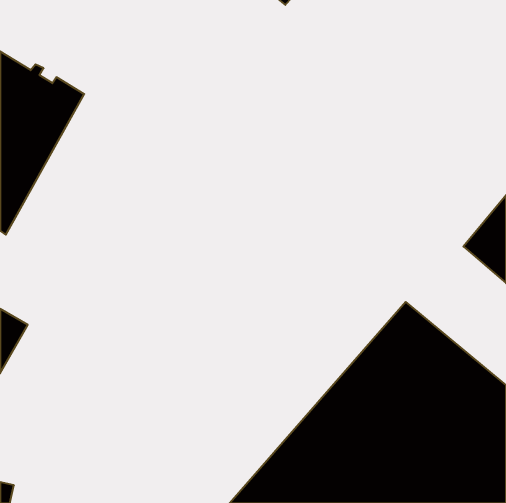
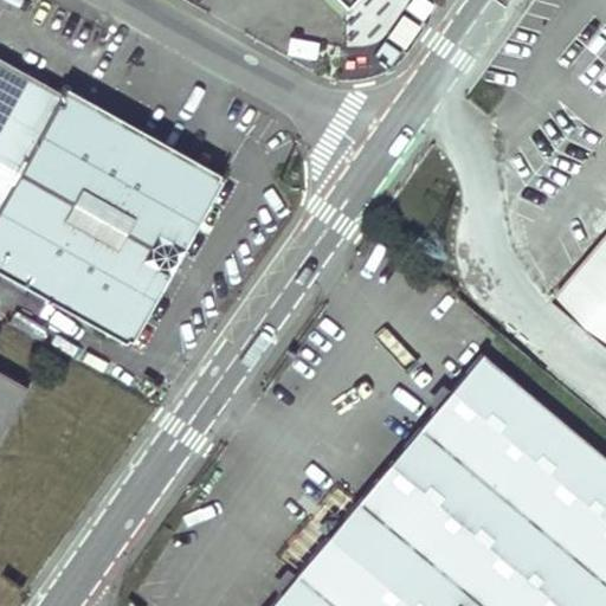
building: none -> [7,112,223,350]

